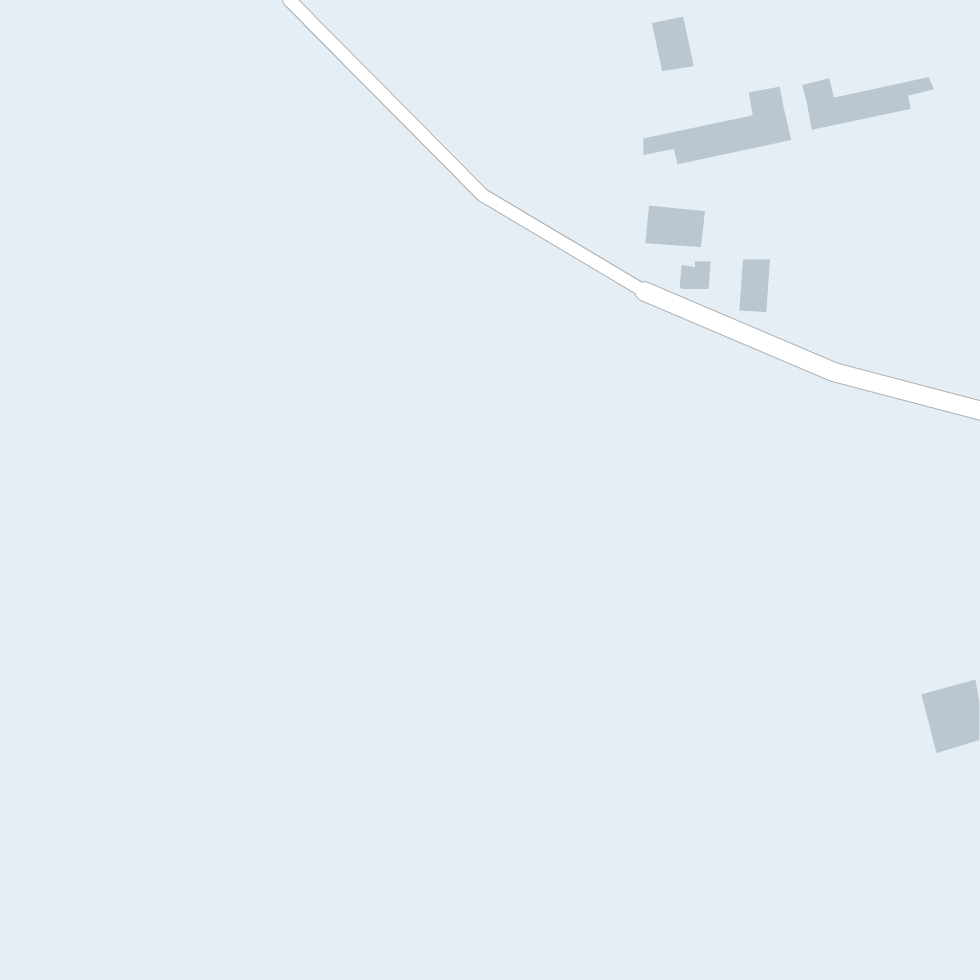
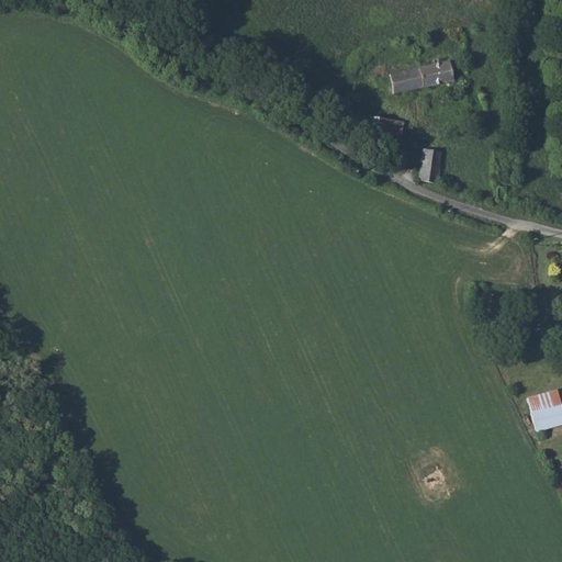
building: [651,16,694,72] -> none
building: [802,76,935,130] -> none

